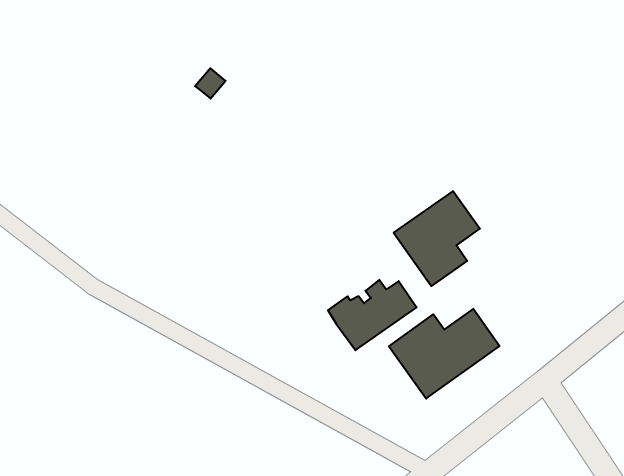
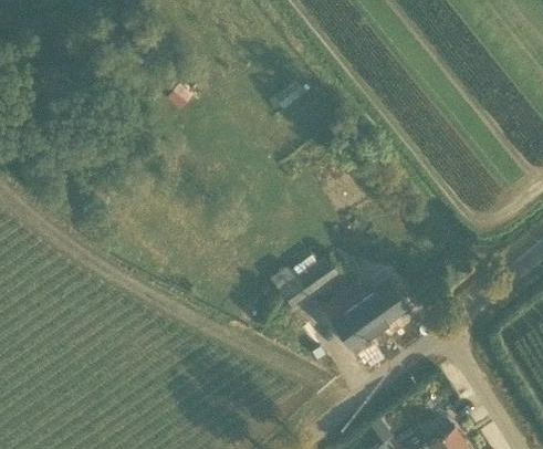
building: [394,191,480,286] -> none

